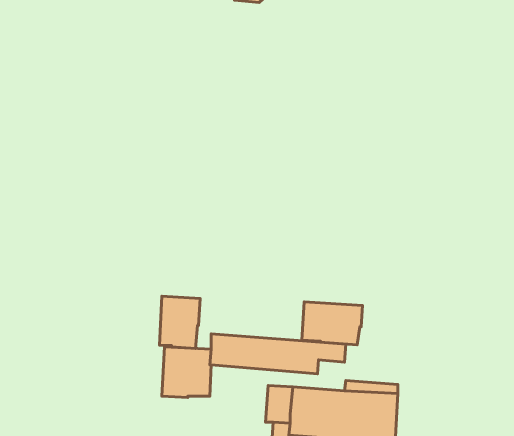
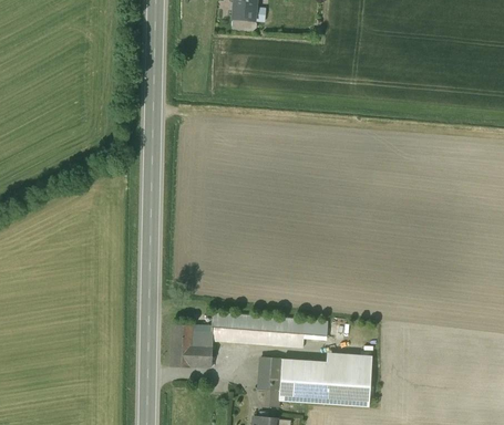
building: [159,296,200,348] -> none
building: [302,302,363,345] -> none

